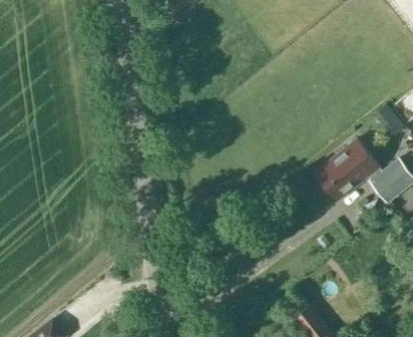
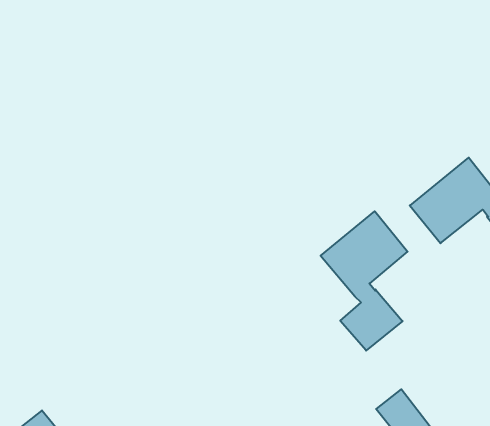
building: none -> [321,211,408,351]

